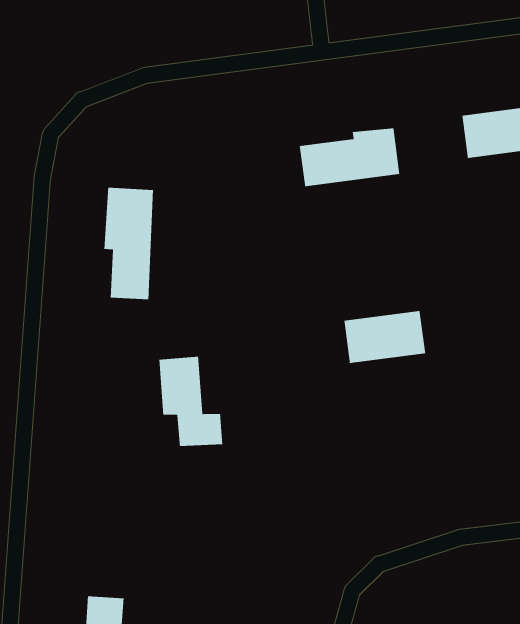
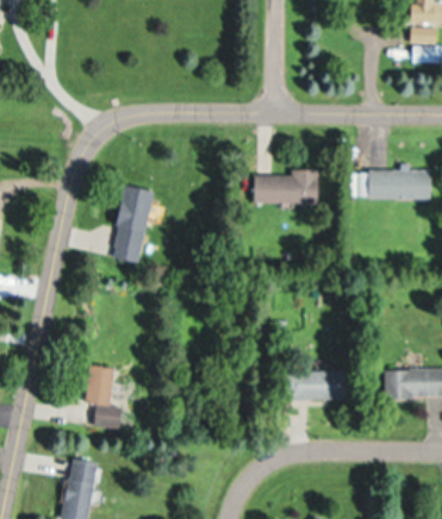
building: [344,310,426,364] -> [288,371,341,401]
building: [159,356,223,447] -> [86,367,125,430]

